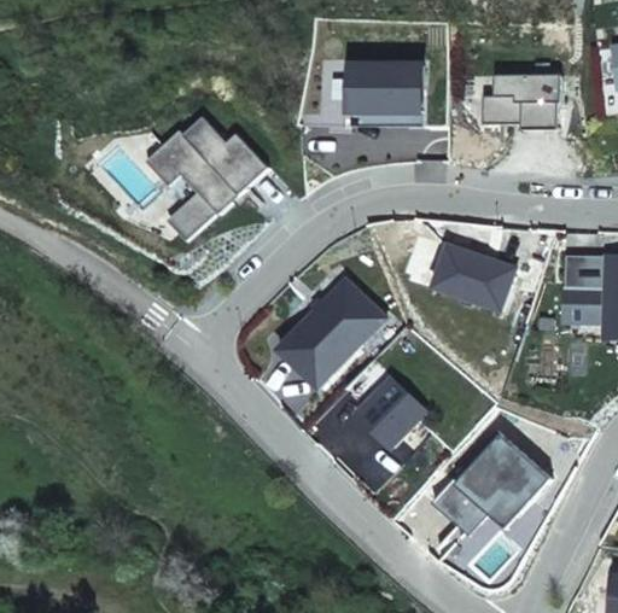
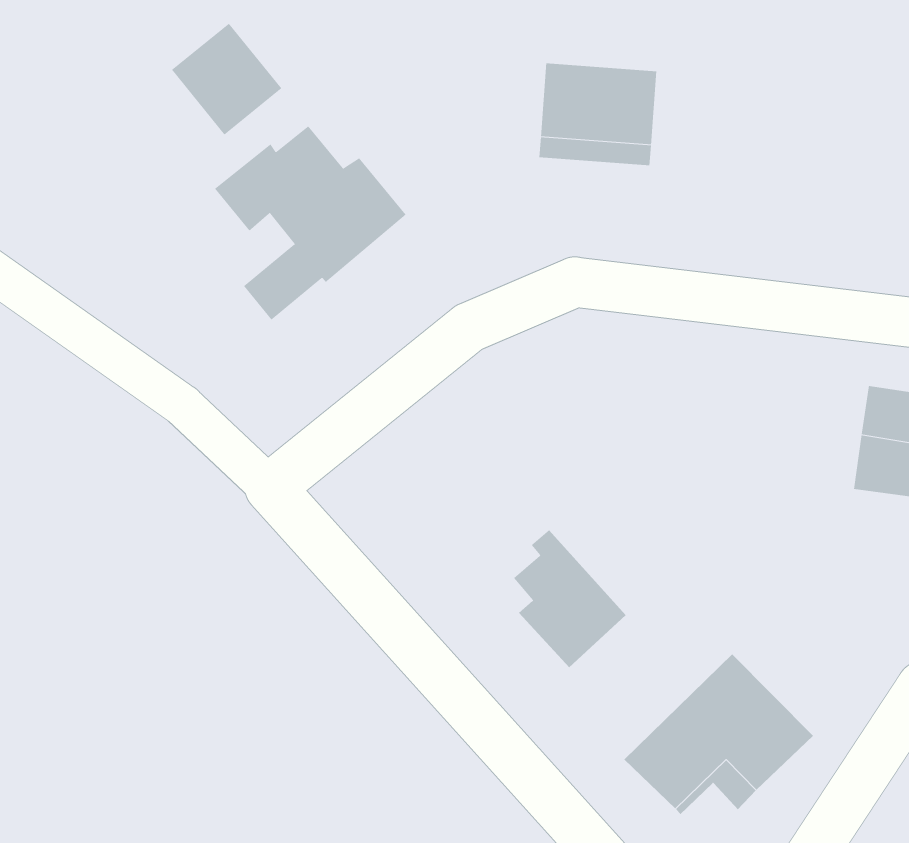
building: none -> [171,23,282,135]
building: [482,76,559,132] -> none
building: [433,244,517,310] -> none
building: [278,276,384,384] -> none

